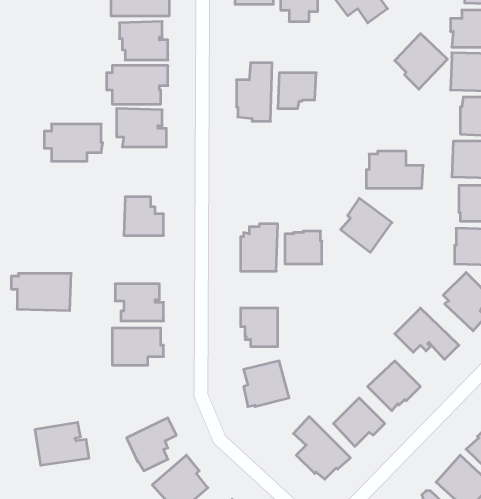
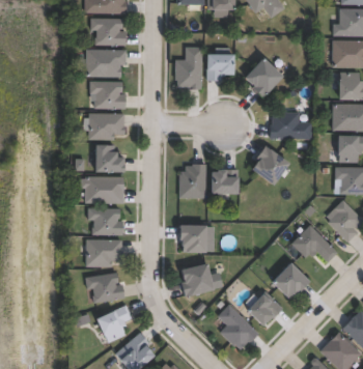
building: [395,34,447,89] -> [245,57,283,97]
building: [44,124,103,161] -> [83,113,125,140]
building: [11,273,71,311] -> [81,176,124,203]
building: [35,422,89,465] -> [86,272,125,303]

